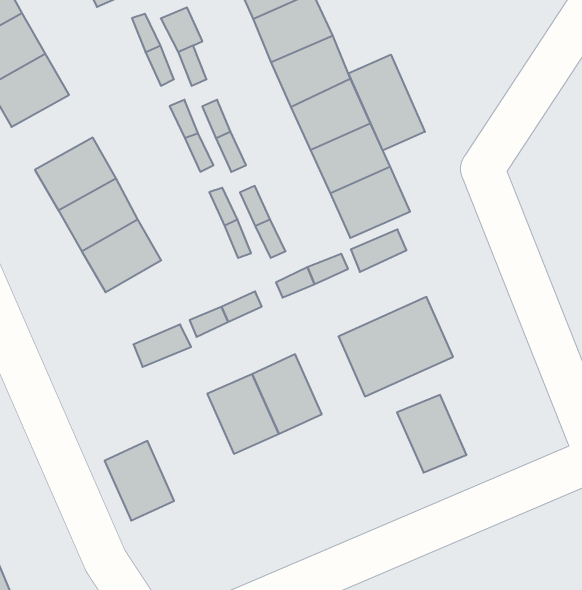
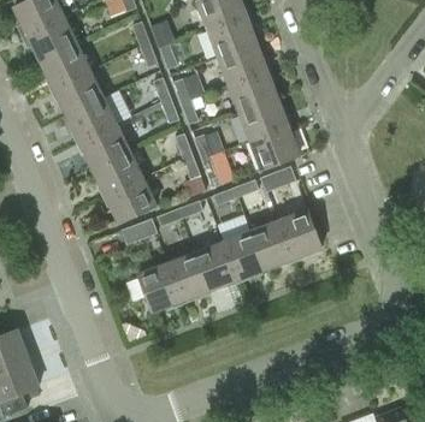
building: [349,55,425,151] -> none
building: none -> [53,70,104,115]
building: none -> [106,177,155,222]
building: [397,395,467,473] -> [223,231,265,279]
building: [105,441,174,521] -> [138,262,181,311]

